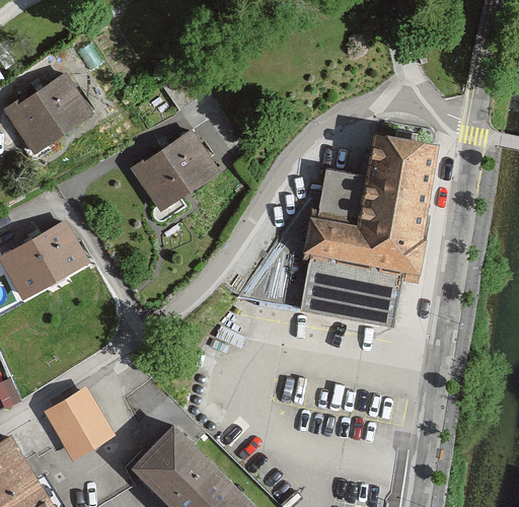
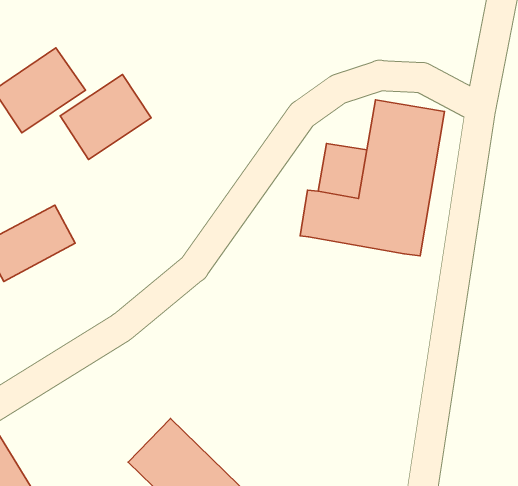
building: [133,132,220,213] -> [60,74,151,159]
building: [299,256,399,321] -> none
building: [46,390,115,461] -> none

